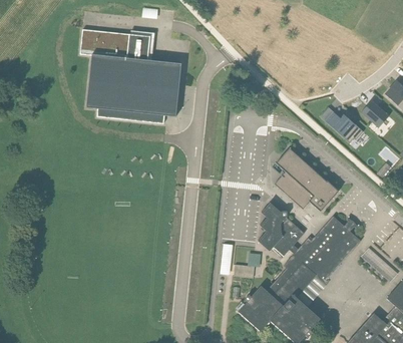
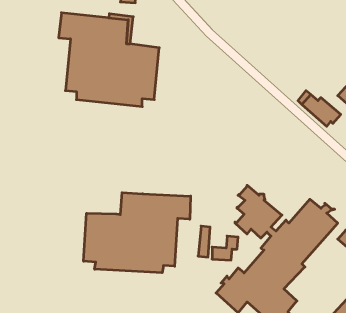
building: [271,147,338,212] -> none
building: none -> [84,193,191,273]

